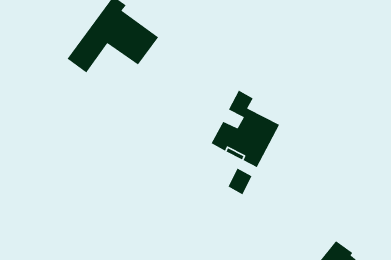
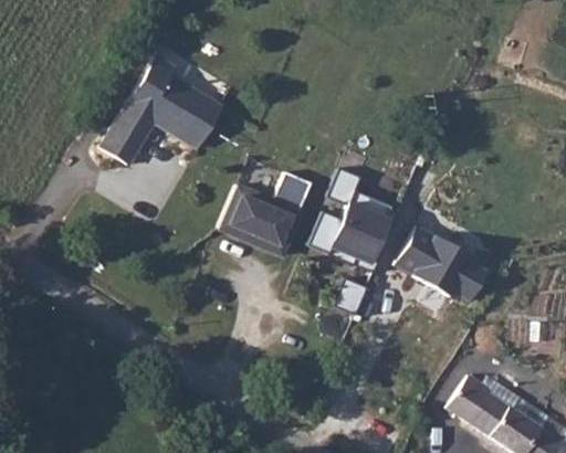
building: none -> [216,172,308,256]
building: none -> [395,225,488,301]

